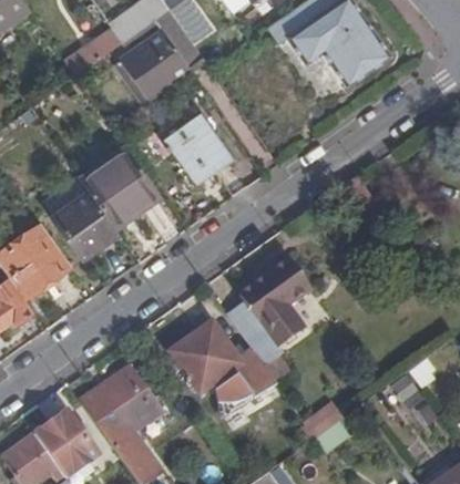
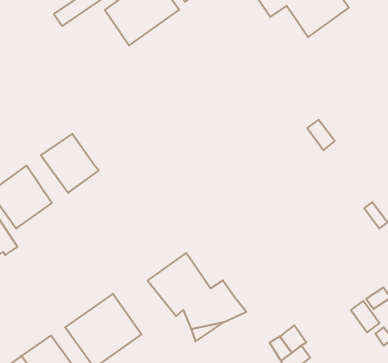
building: [166,117,226,179] -> none
building: [79,145,160,227] -> none
building: [224,260,307,368] -> none

